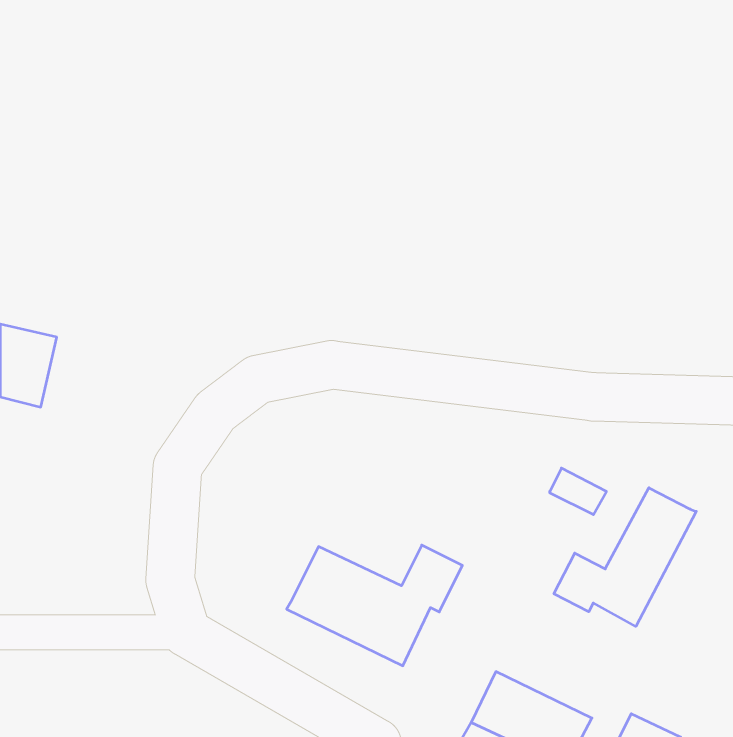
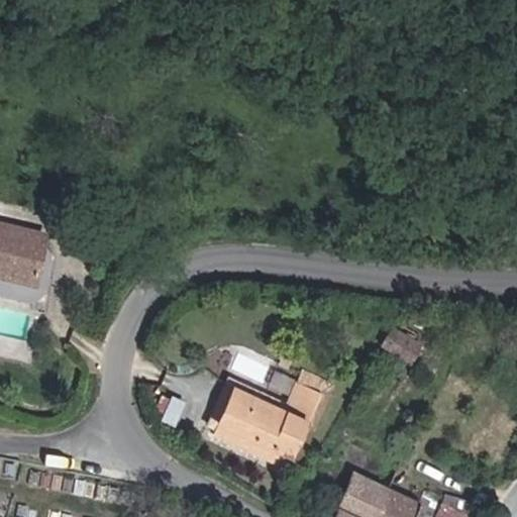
building: [554,488,696,626] -> none

